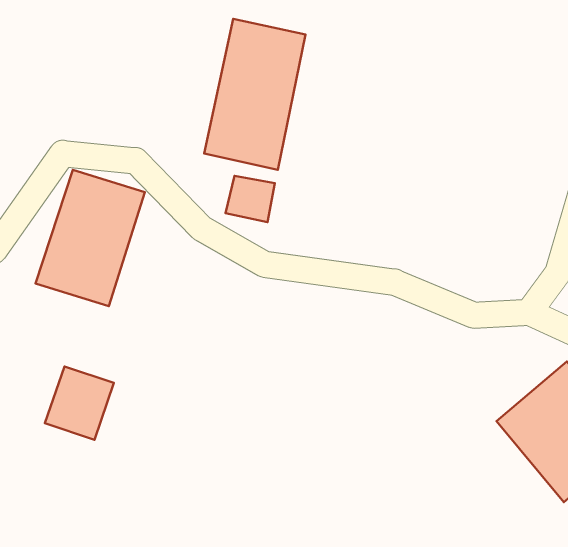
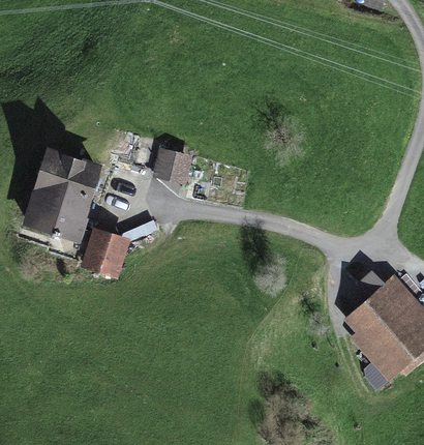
building: [204,19,305,170] -> none
building: [45,366,114,440] -> [80,230,127,280]

